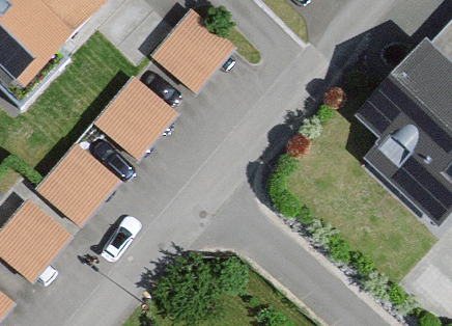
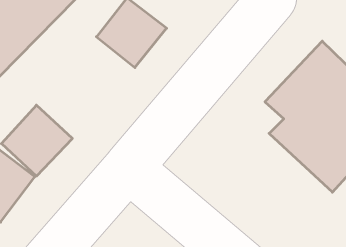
building: [89,63,177,152] -> none

